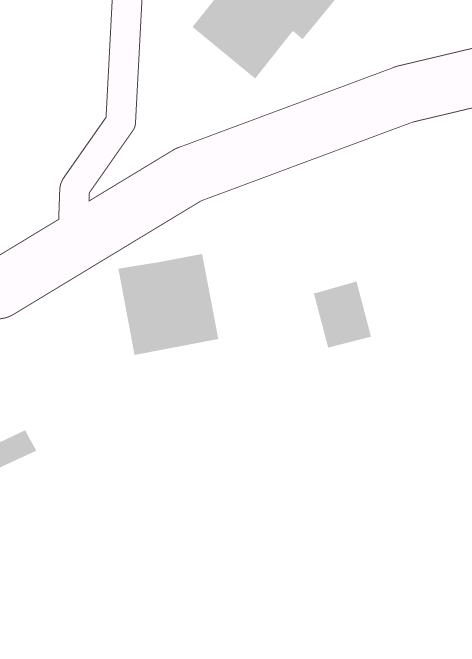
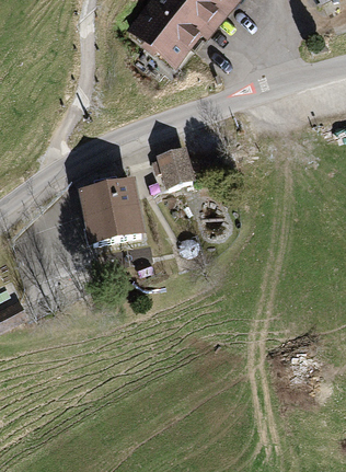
building: [313,281,372,348] -> [158,145,197,189]

